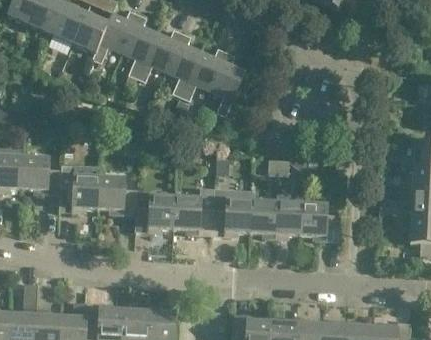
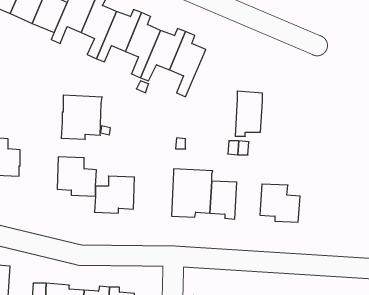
building: [59,168,100,212] -> [61,95,102,139]
building: [174,187,214,235] -> none
building: [275,193,302,238] -> [235,91,262,136]

